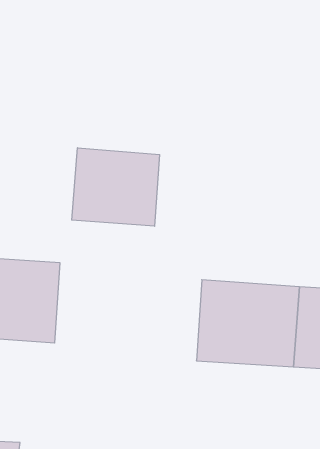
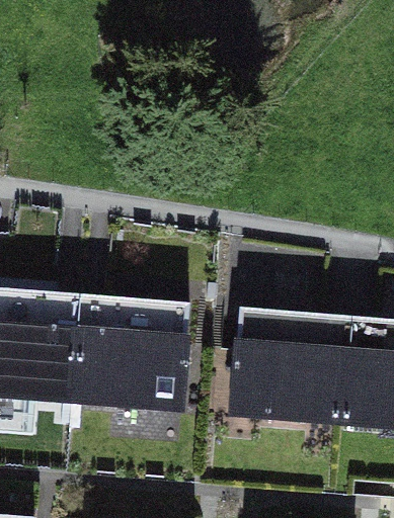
building: [72,148,160,226] -> none
building: none -> [76,305,191,404]

